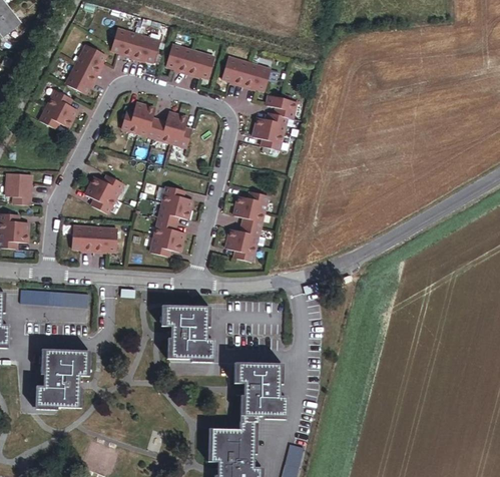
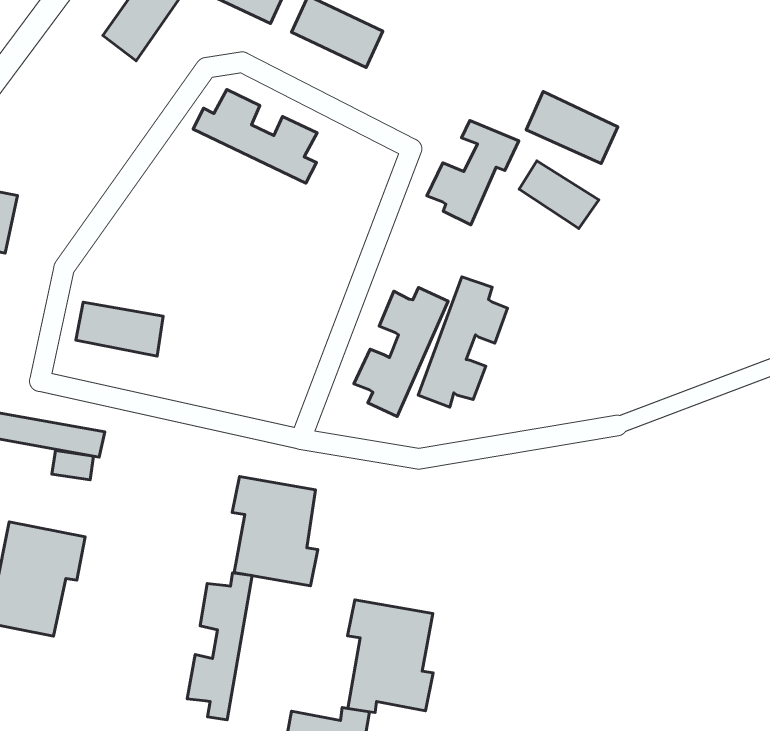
building: [217,56,267,90] -> [526,92,618,163]
building: [34,87,71,125] -> none
building: none -> [519,161,599,229]
building: [84,174,120,212] -> none
building: [149,184,190,256] -> [418,277,508,407]
building: none -> [187,573,252,720]

